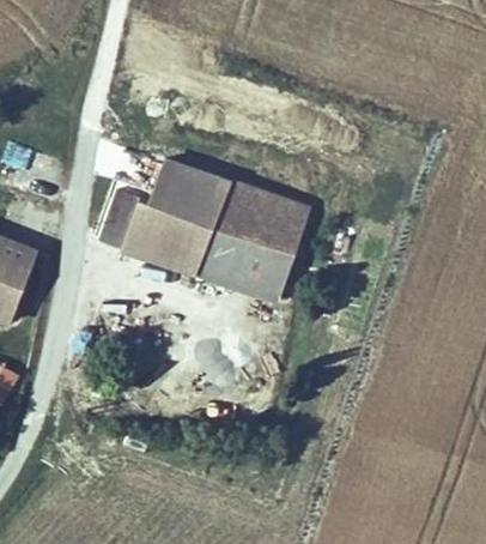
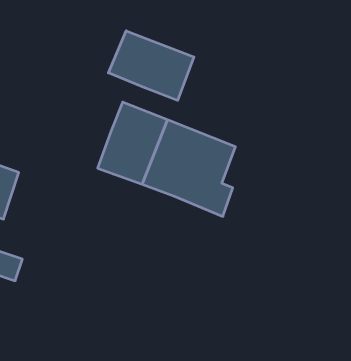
building: none -> [108,31,194,100]
building: [113,189,159,248] -> none

